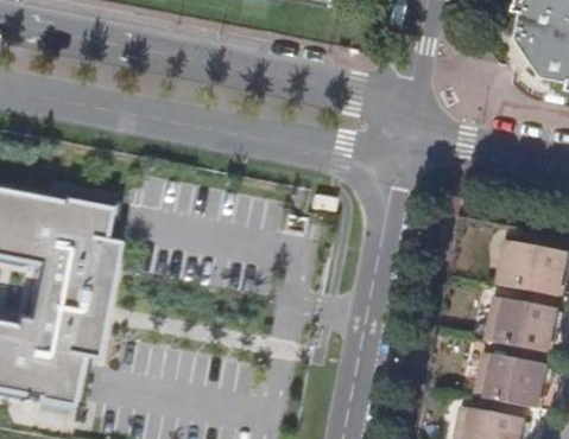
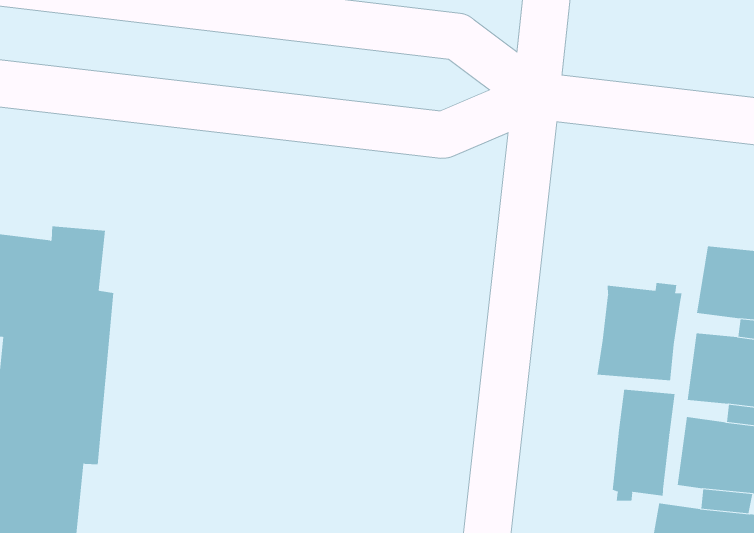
building: none -> [597,282,682,381]
building: none -> [612,389,675,501]

